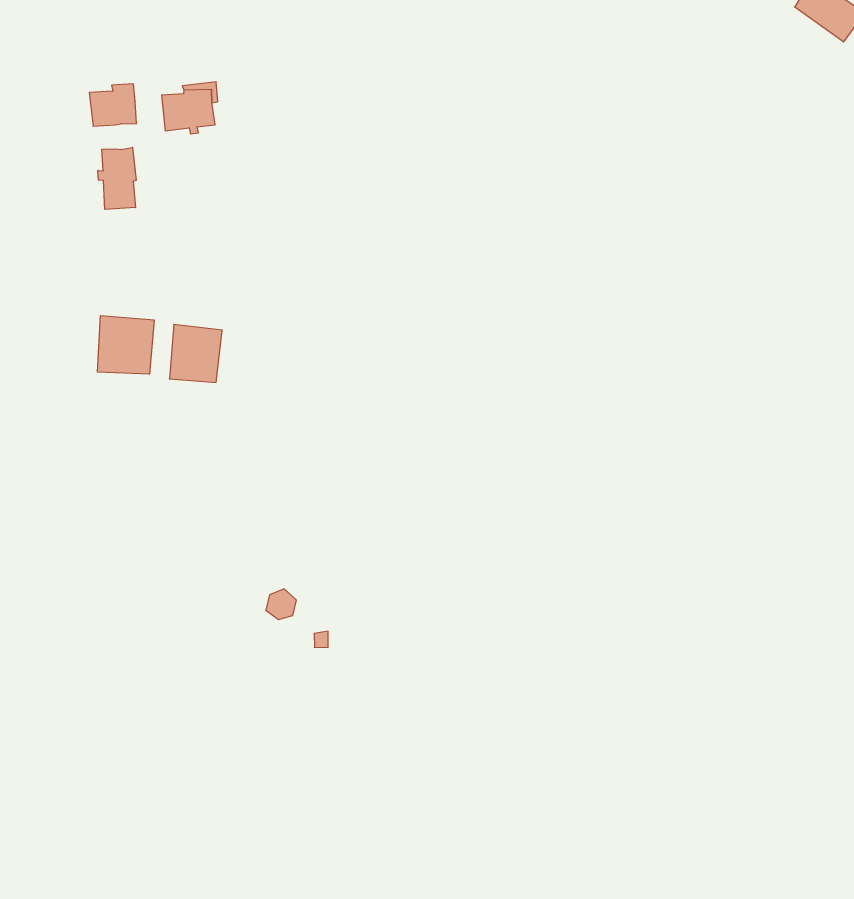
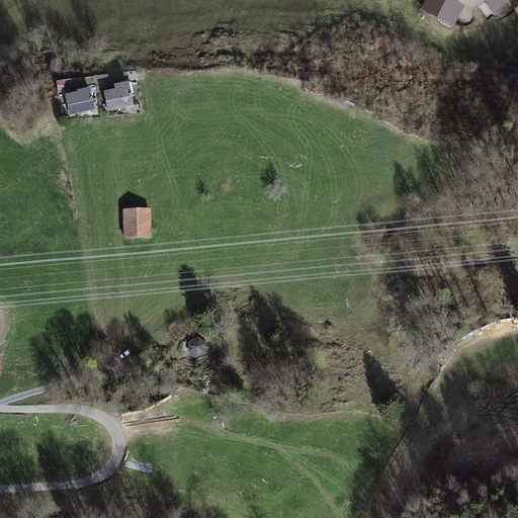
building: [98,147,136,209] -> none
building: [98,316,154,374] -> none

